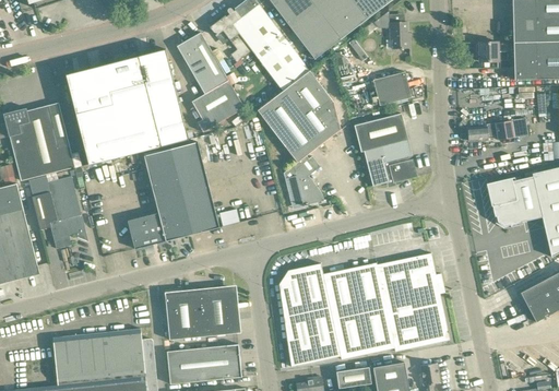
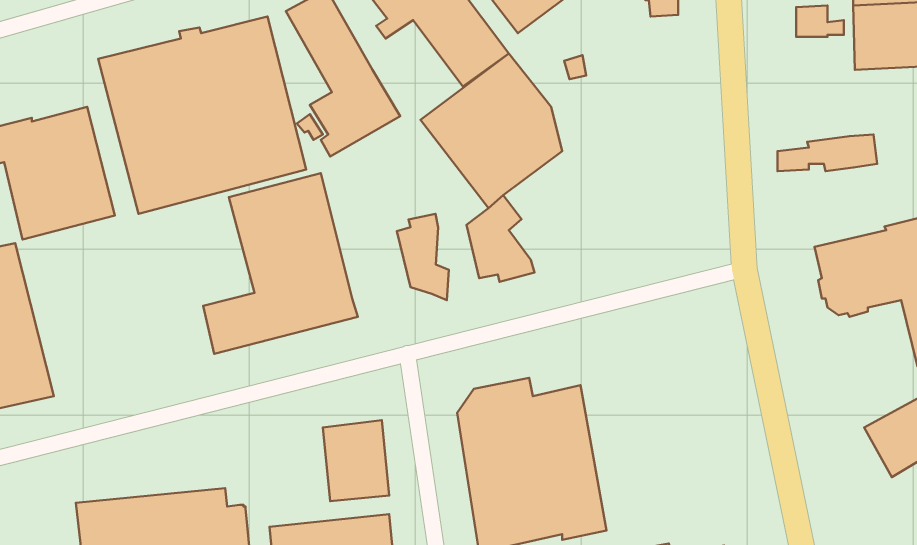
building: [373,72,412,106] -> none
building: [354,114,417,186] -> none
building: none -> [397,214,449,300]
building: [28,176,88,249] -> none
building: [352,253,450,354] -> none
building: [165,291,203,340] -> none

